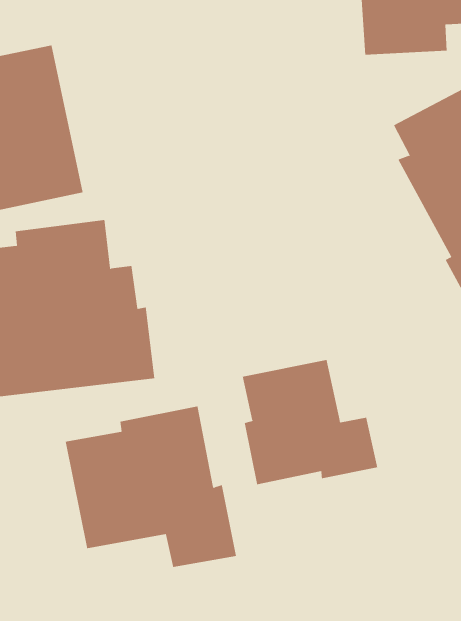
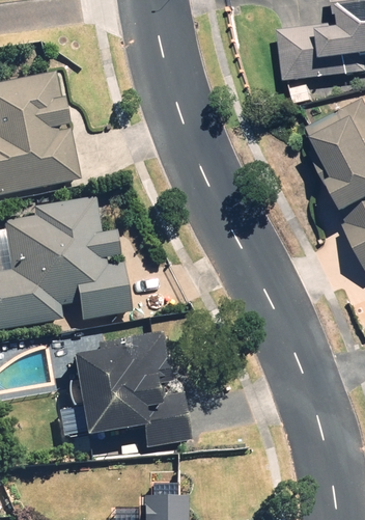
building: [242,359,378,485] -> none

